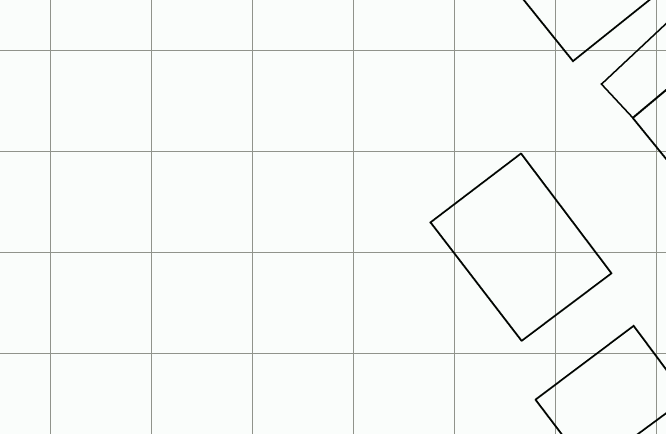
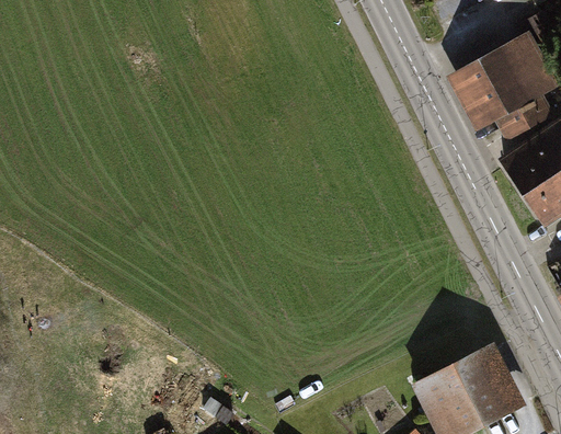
building: [430,154,611,341] -> none

